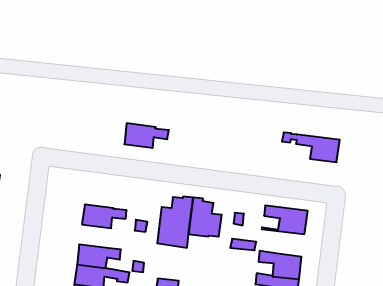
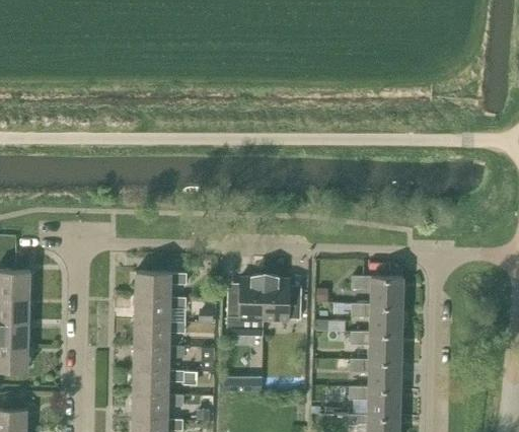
building: [124,123,169,148] -> [136,271,188,297]
building: [282,132,340,162] -> [333,303,402,333]
building: none -> [134,320,186,346]

